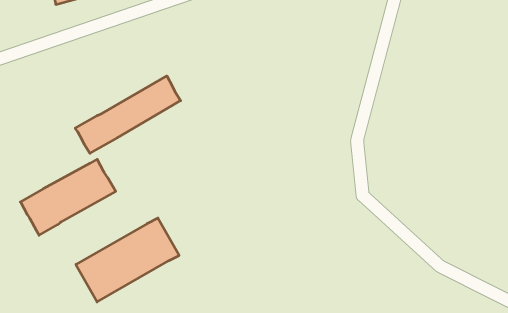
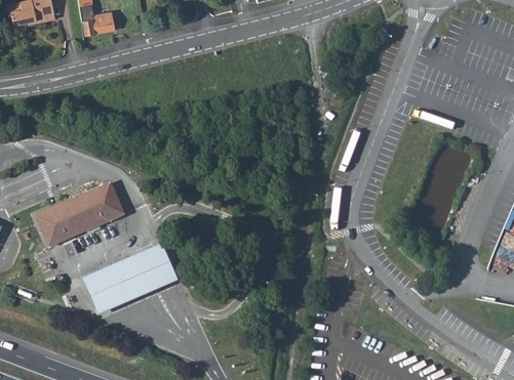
building: [75,76,181,153] -> none

